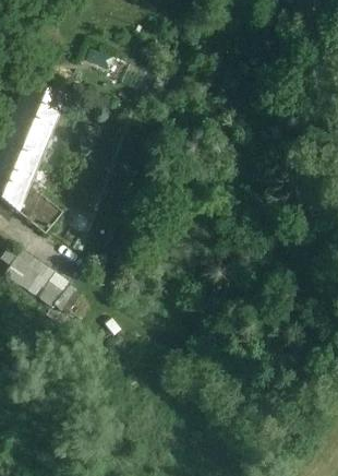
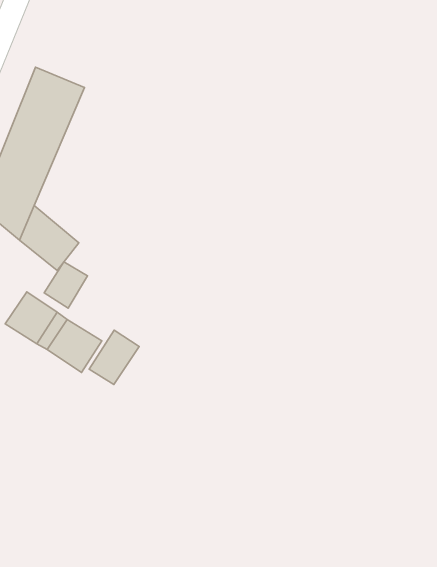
building: none -> [44,262,88,308]
building: none -> [89,330,139,384]

